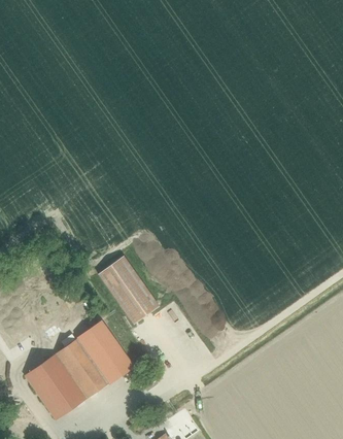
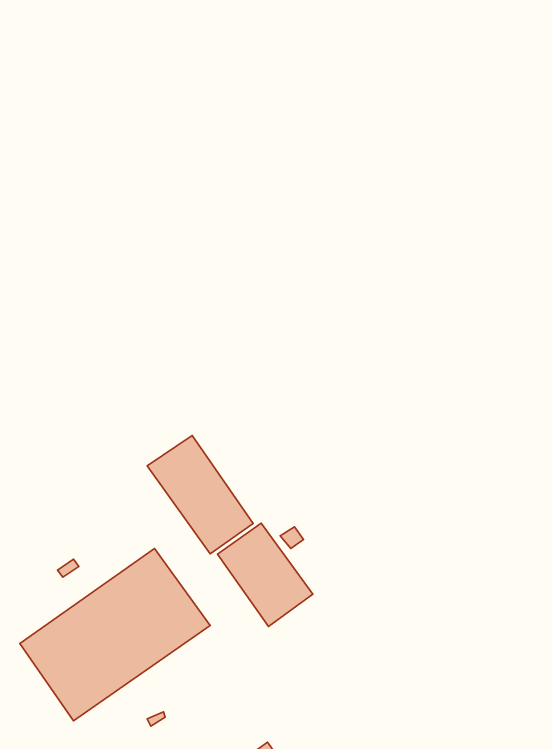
building: none -> [218,523,313,627]

